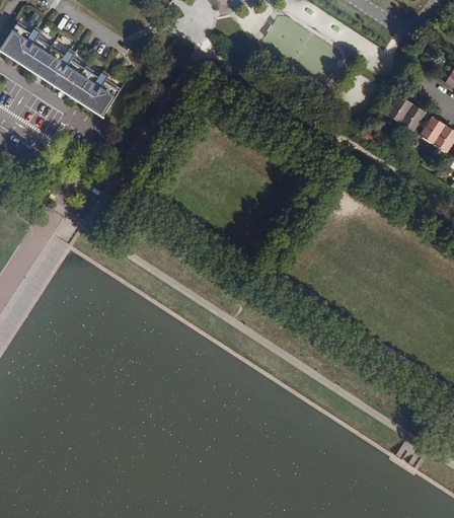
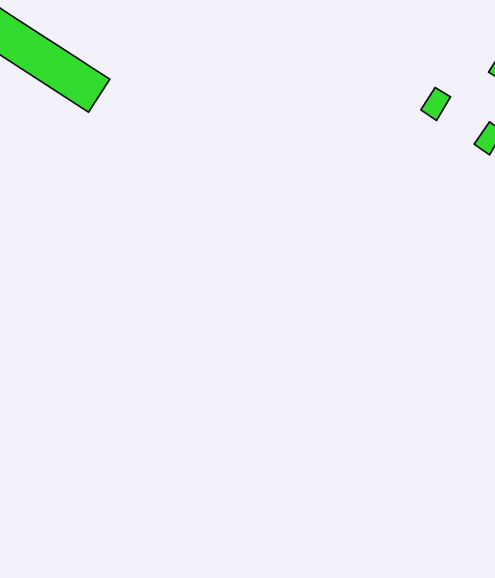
building: [399,103,425,132] -> none
building: [419,117,445,144] -> none

